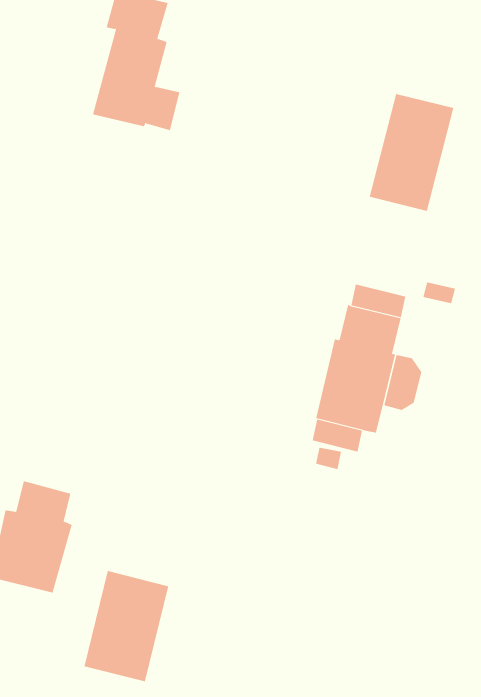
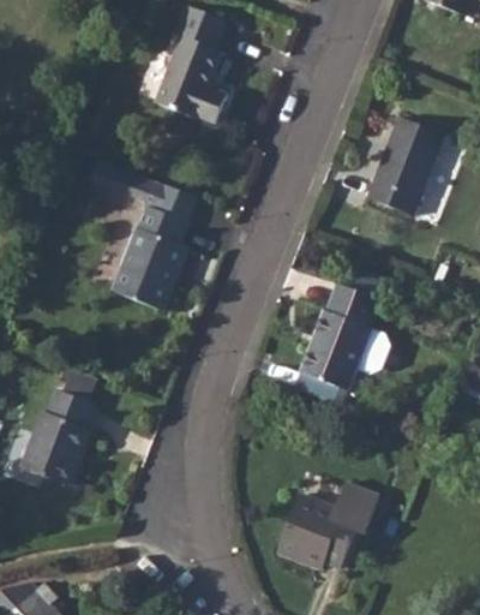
building: none -> [90,159,196,310]
building: none -> [276,483,378,569]
building: [84,570,169,682] -> none

